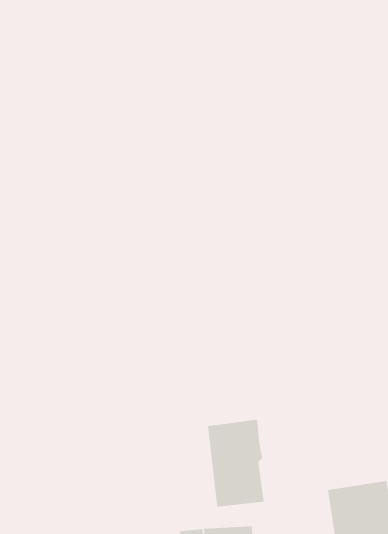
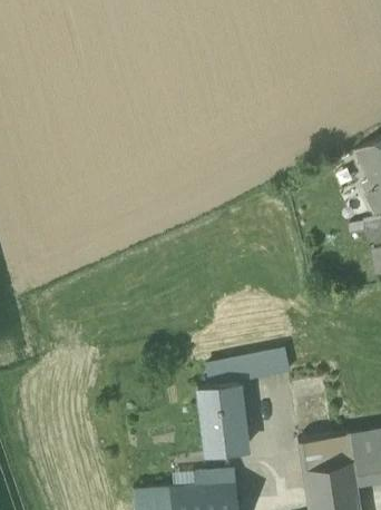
building: none -> [203,351,287,388]

